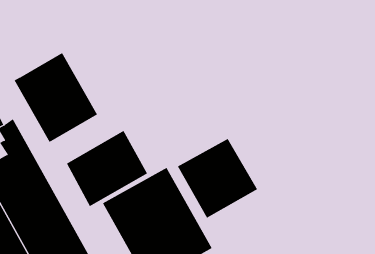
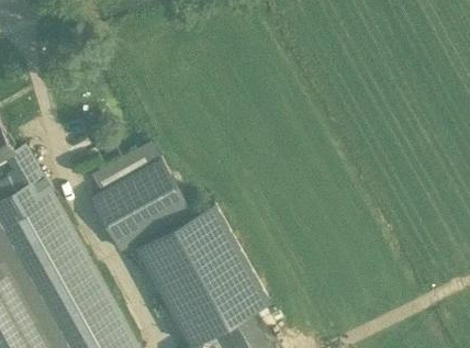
building: [14,52,98,143] -> none
building: [177,138,258,218] -> none

